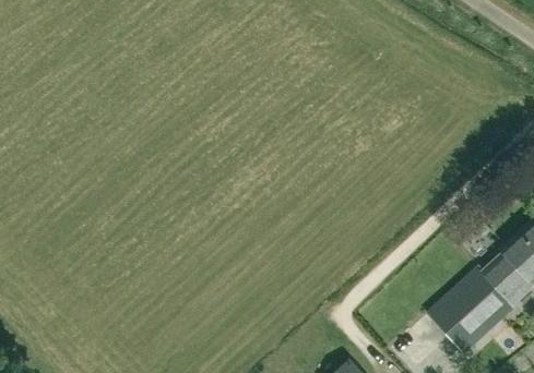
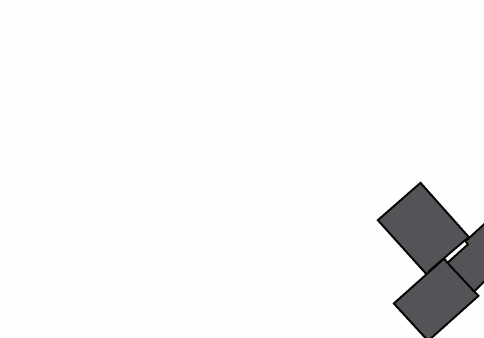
building: none -> [378,183,469,274]

